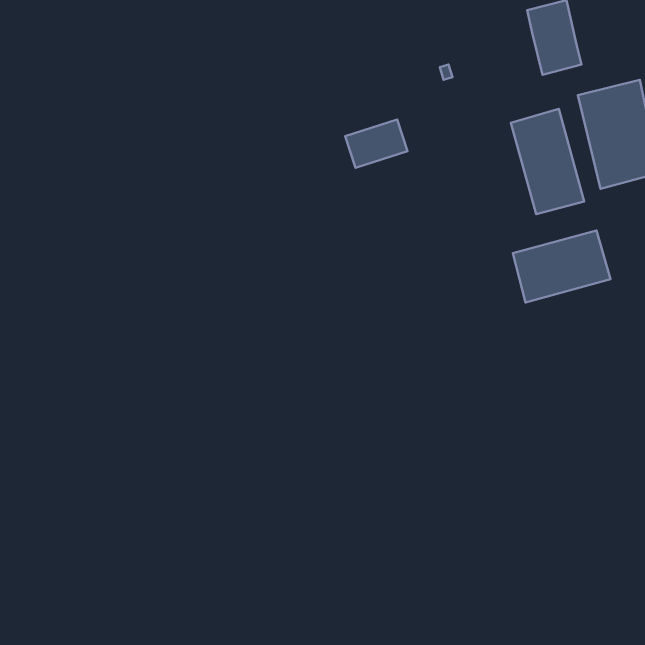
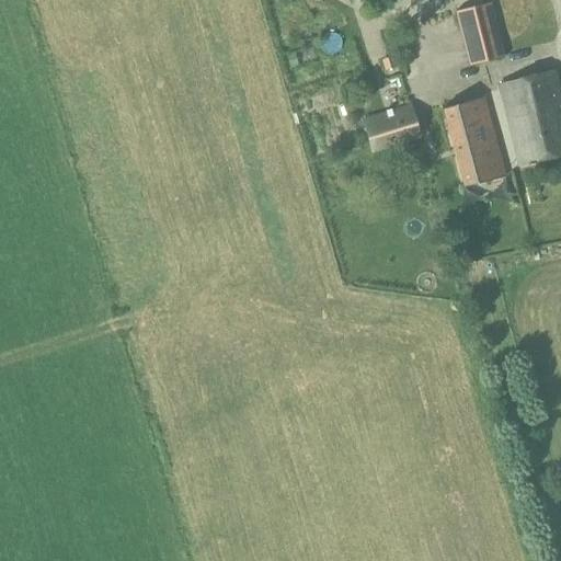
building: [345,120,407,168] -> [366,106,420,148]
building: [513,230,610,303] -> none

